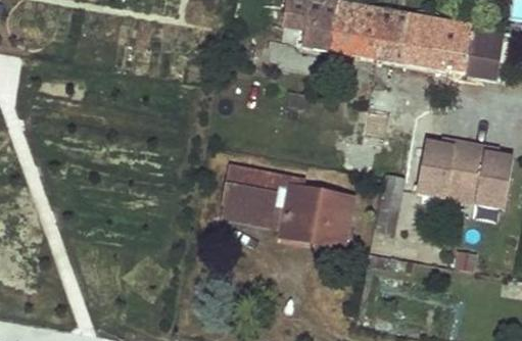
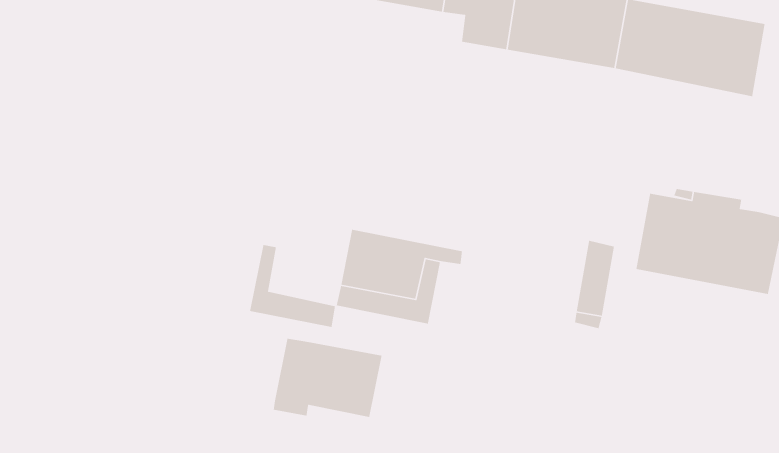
building: none -> [249,244,336,328]
building: [281,187,352,239] -> [273,338,383,418]

